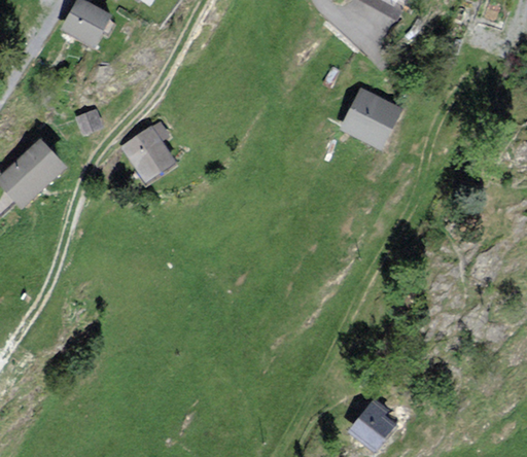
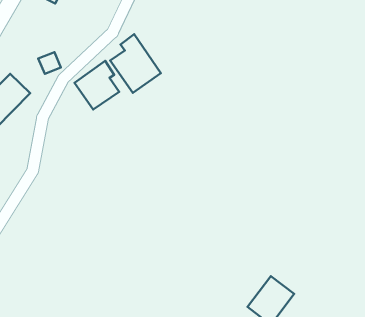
building: none -> [110,34,161,93]
building: [340,90,402,154] -> none

